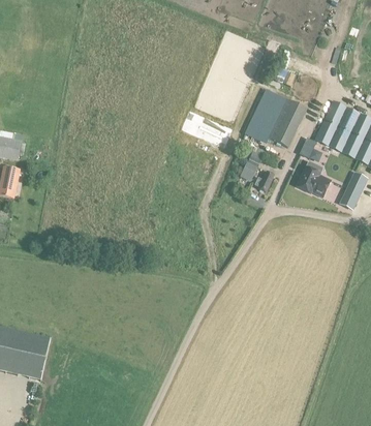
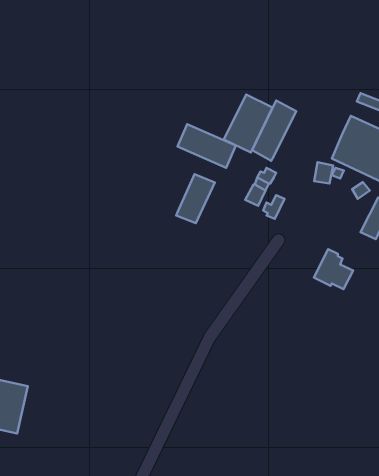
building: [265,97,307,148] -> [224,94,272,153]
building: none -> [176,174,215,223]
building: [297,161,331,196] -> [314,249,353,289]

